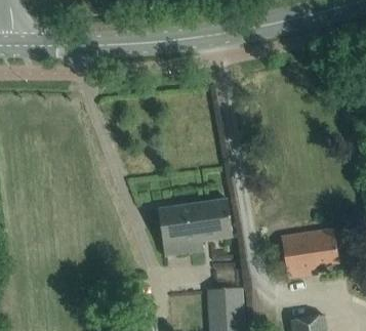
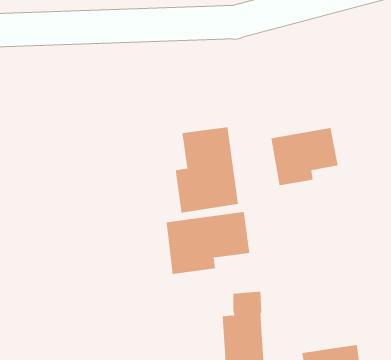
building: none -> [175,127,239,213]
building: [280,226,338,277] -> [271,128,338,186]

